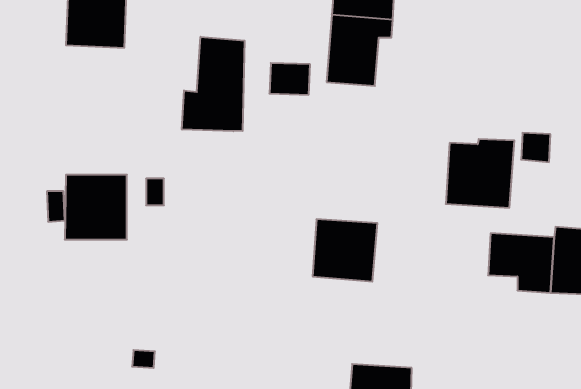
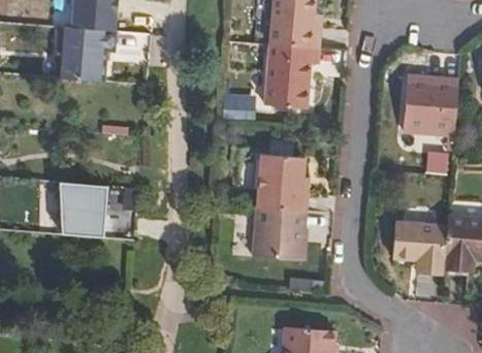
building: [182,37,245,131] -> none
building: [446,139,514,208] -> [405,82,460,137]
building: none -> [257,158,308,214]

